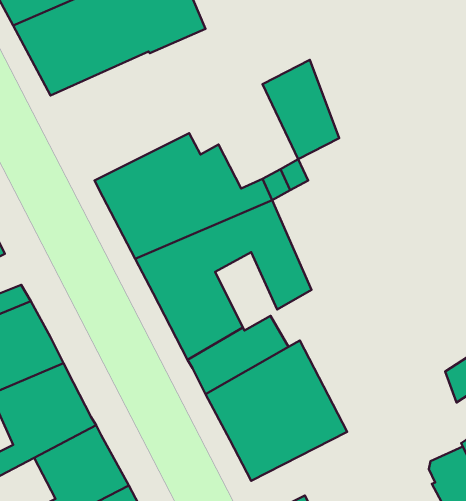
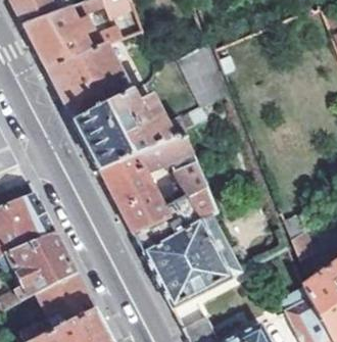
building: none -> [45,39,132,119]

